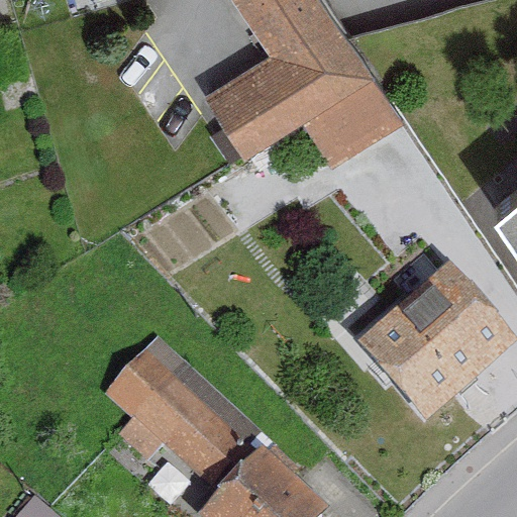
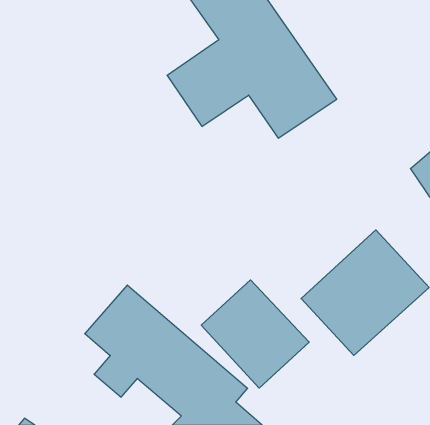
building: none -> [201,280,309,388]

